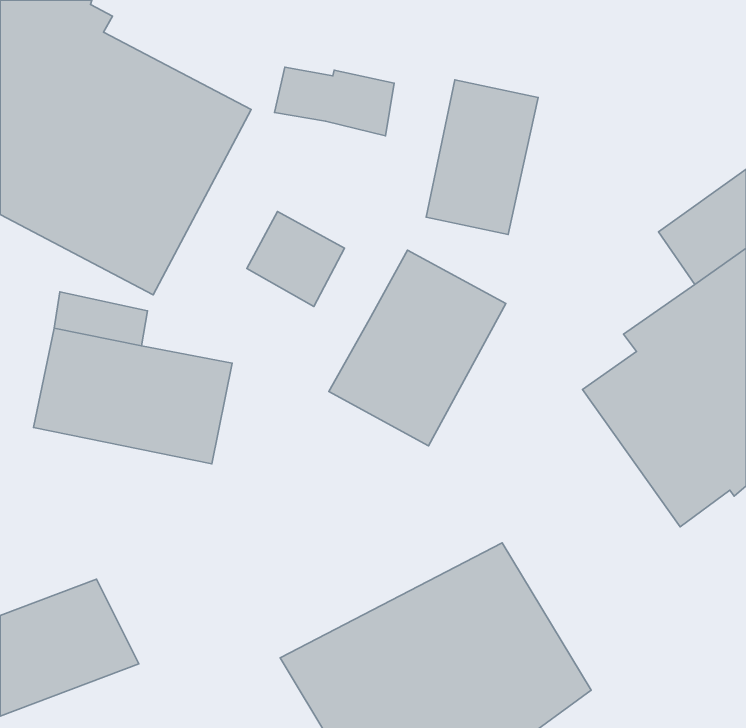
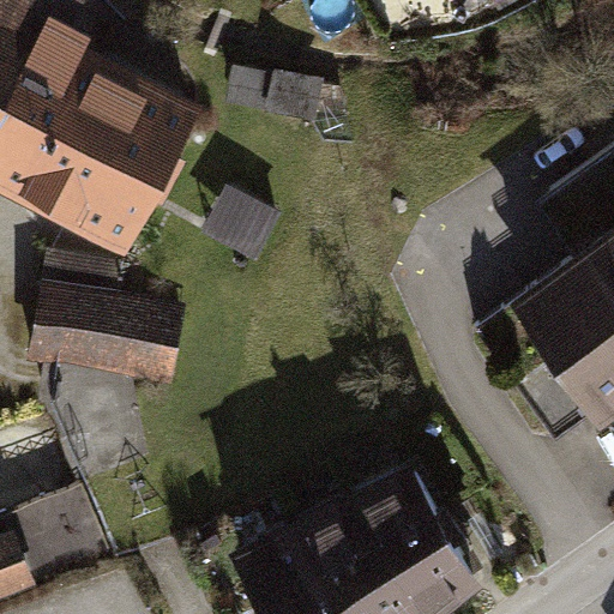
building: [426,80,538,234] -> none
building: [329,250,506,446] -> none

